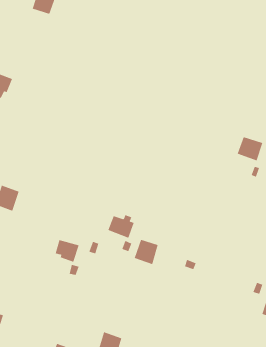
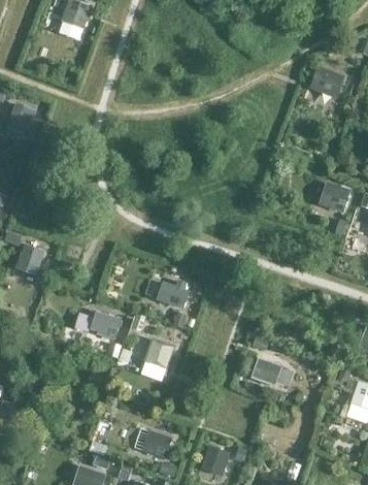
building: none -> [310,66,345,97]
building: [134,239,158,265] -> [144,336,175,368]
building: none -> [250,356,282,386]

